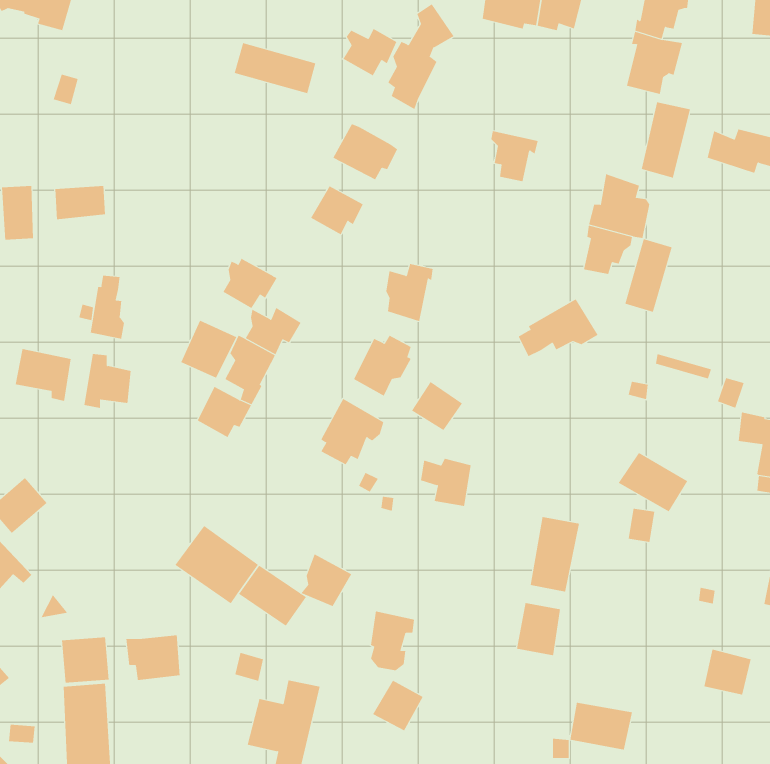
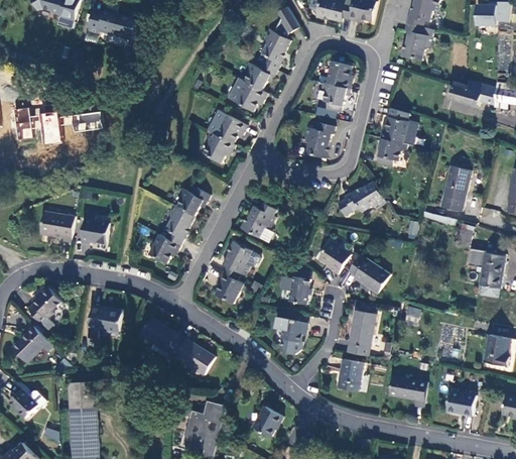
building: [342,28,397,76] -> [245,62,277,90]
building: [234,42,316,94] -> [85,10,133,40]
building: none -> [327,62,353,88]
building: [641,101,691,178] -> none
building: [624,239,672,312] -> [441,166,470,210]
building: [223,257,278,309] -> [204,132,236,162]
building: [385,264,433,322] -> [305,123,334,157]
building: [90,275,125,340] -> none
building: [181,320,237,378] -> none
building: [411,381,463,431] -> [318,241,349,270]
building: [618,452,688,512] -> [347,256,388,292]
building: none -> [88,304,122,336]
building: [301,554,352,607] -> [214,270,244,302]
building: [370,611,415,671] -> [281,317,307,352]
building: [126,635,180,681] -> none
building: [569,702,633,750] -> [388,374,425,403]

